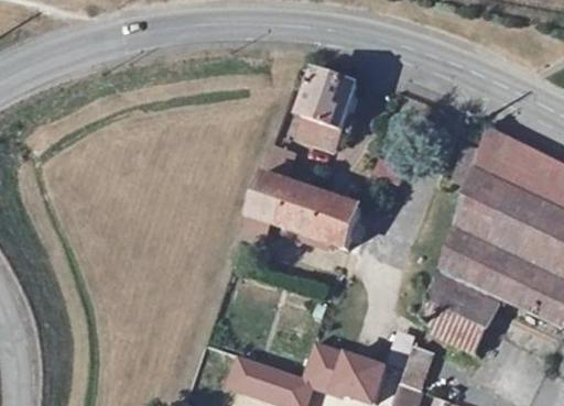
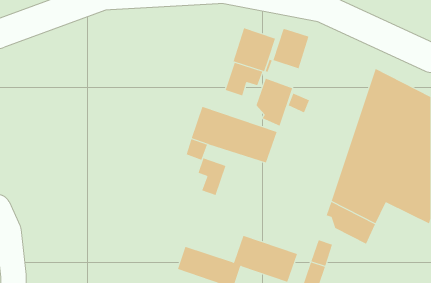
building: none -> [272,28,309,69]
building: none -> [256,78,293,126]
building: none -> [198,157,226,196]

